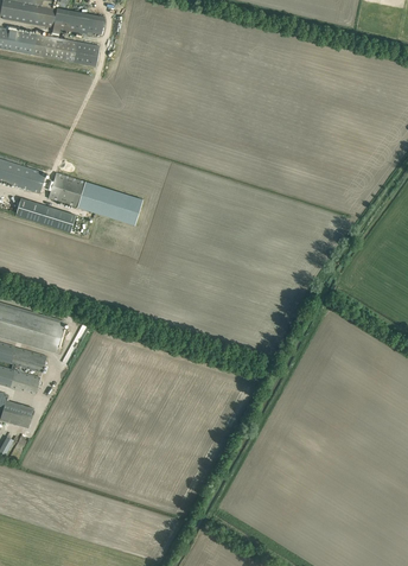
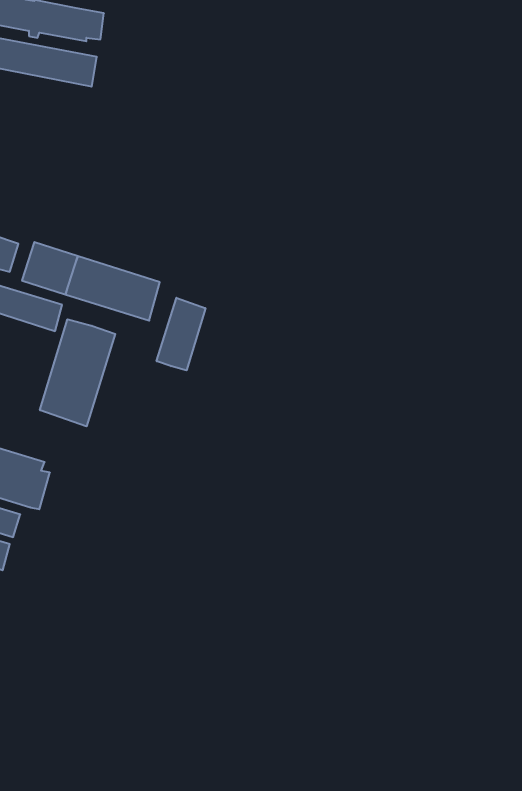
building: none -> [157,298,205,370]
building: none -> [40,319,115,426]

